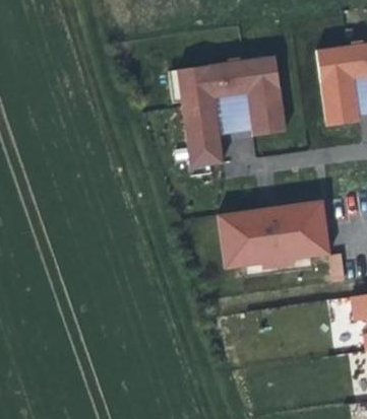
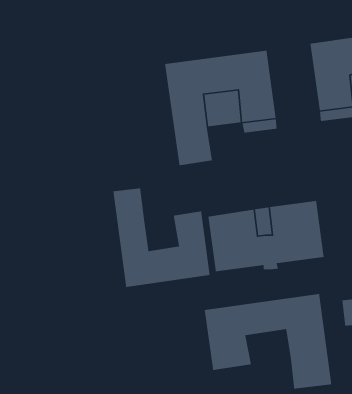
building: none -> [113,188,211,288]
building: none -> [204,293,332,390]

